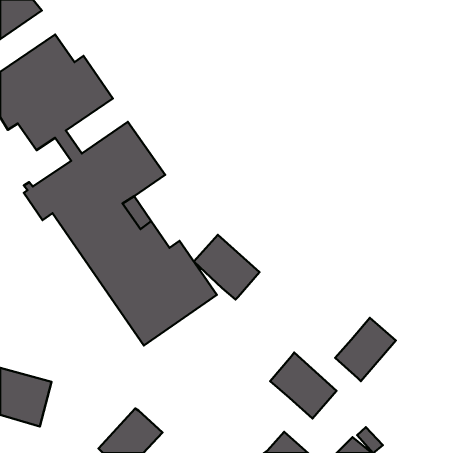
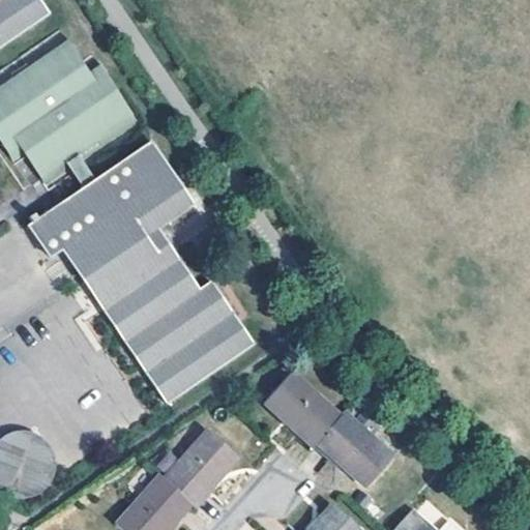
building: [194,235,259,300] -> [264,372,341,447]
building: [335,318,396,381] -> none
building: none -> [163,431,238,507]

